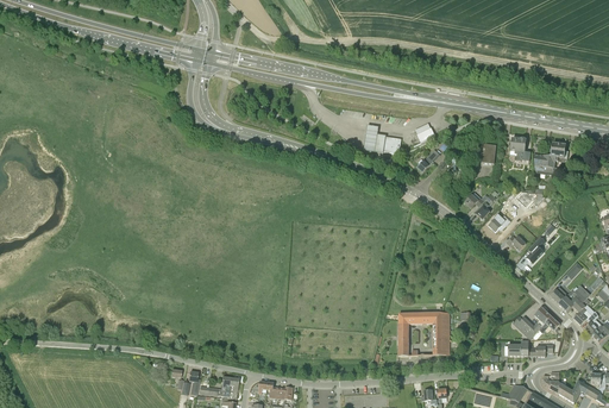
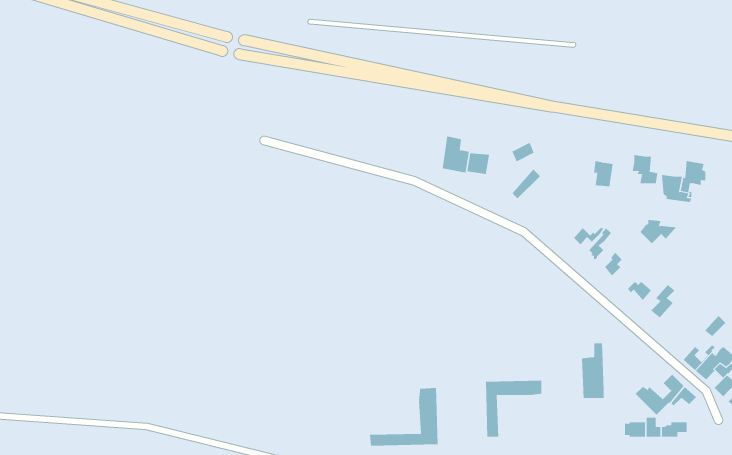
building: [432,312,450,354] -> [581,343,604,398]
building: none -> [370,387,438,447]

